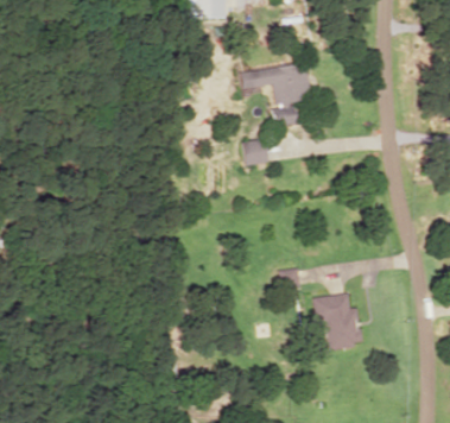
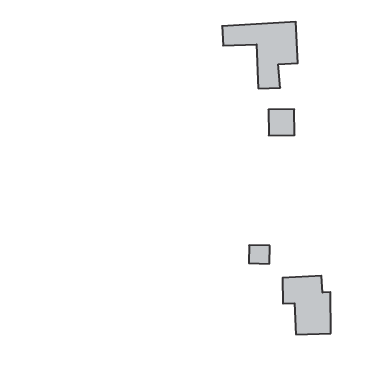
building: [242,139,268,165] -> [268,109,295,135]

